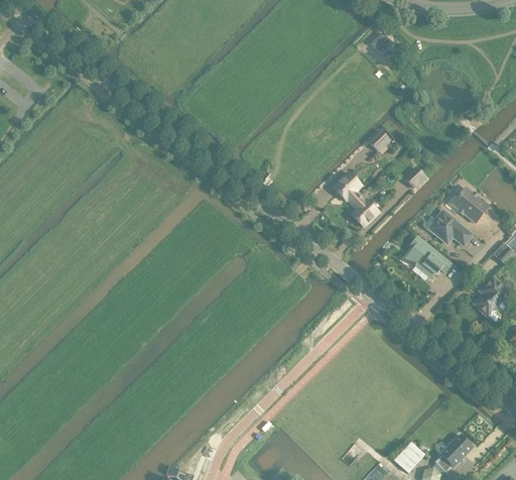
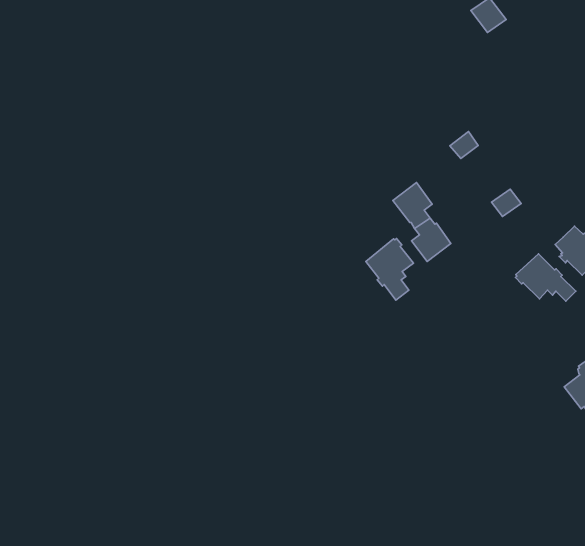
building: none -> [366,238,413,300]
building: [409,236,450,277] -> none

